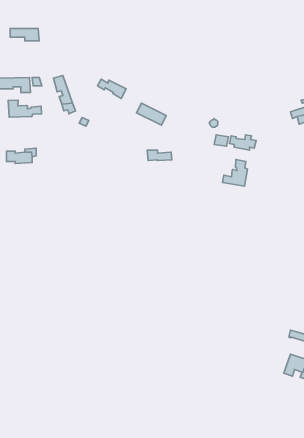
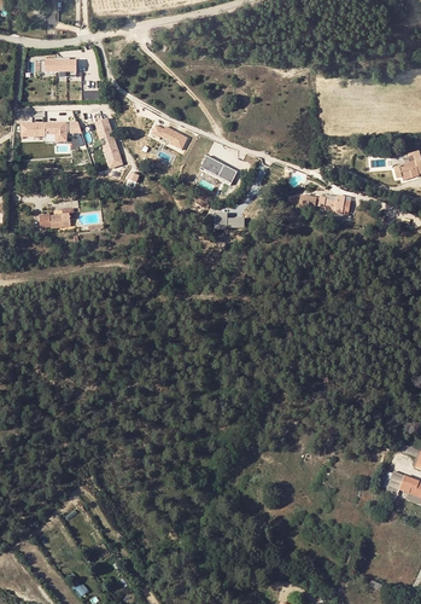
building: [8,100,42,117] -> none
building: [223,160,248,186] -> none

